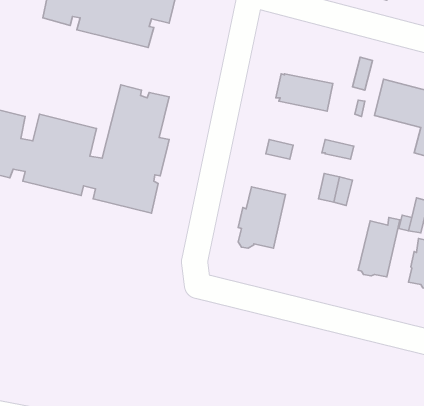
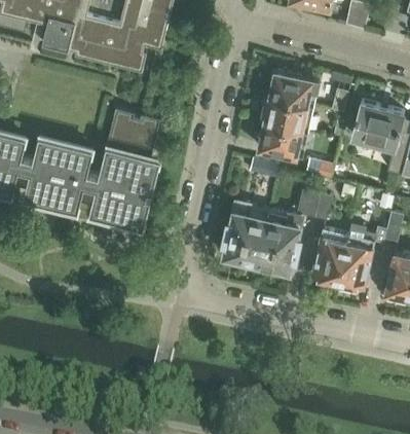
building: none -> [267,69,318,105]
building: none -> [257,121,307,156]
building: none -> [257,209,300,272]
building: none -> [311,227,347,282]

